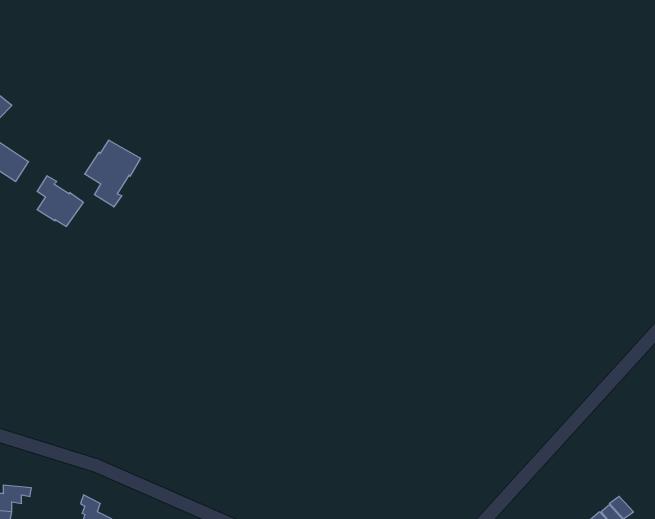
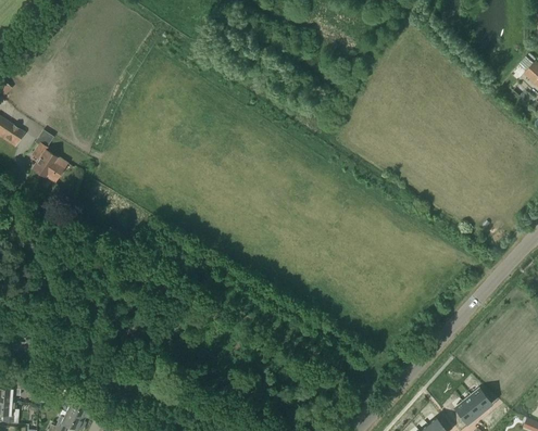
building: [85,140,140,207] -> none

